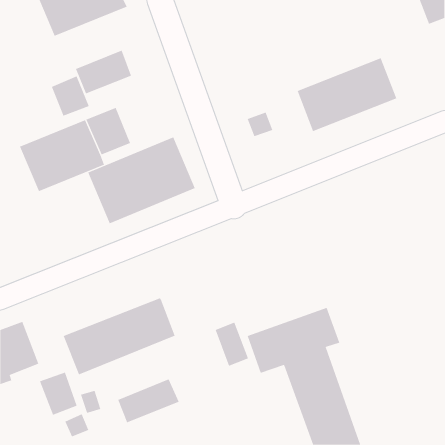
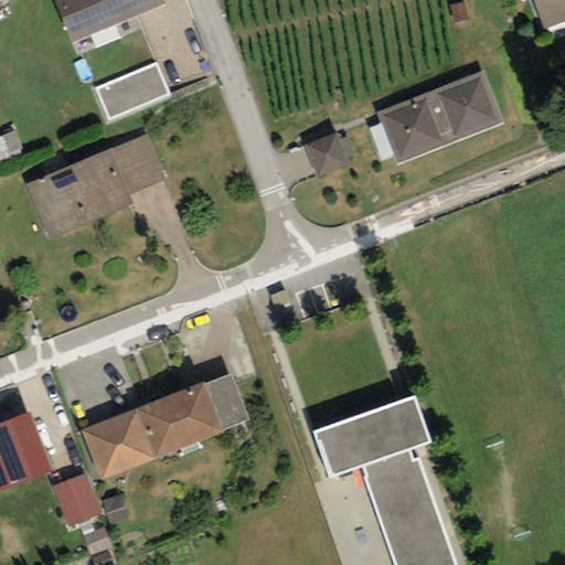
building: [51,76,89,116] -> none
building: [87,136,196,224] -> none
building: [215,322,249,366] -> [204,369,247,425]
building: [117,378,180,423] -> none

